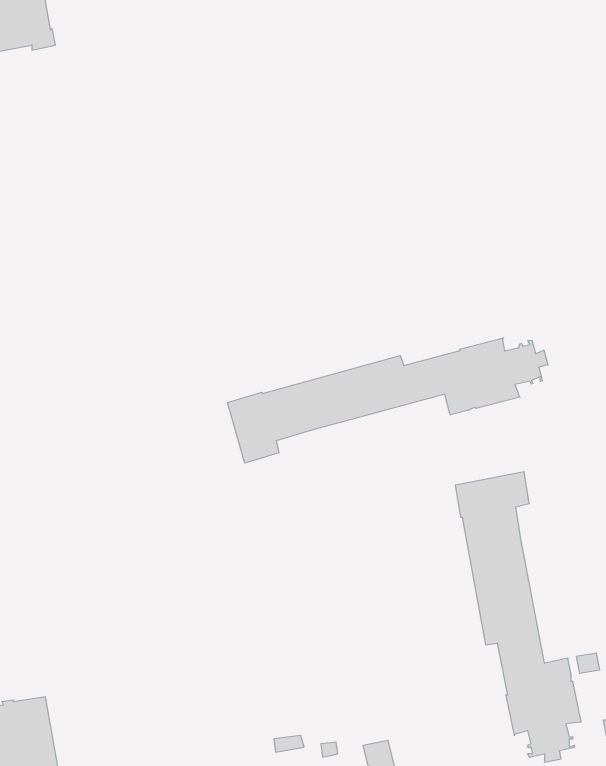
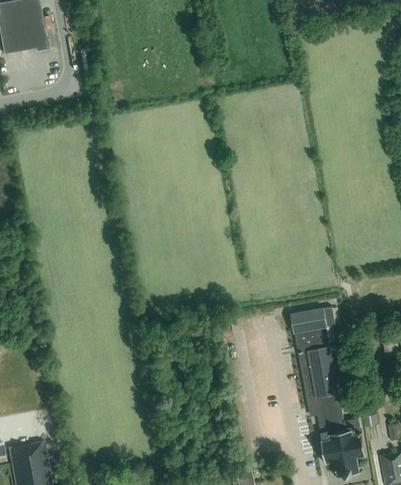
building: [228,338,548,463] -> none

